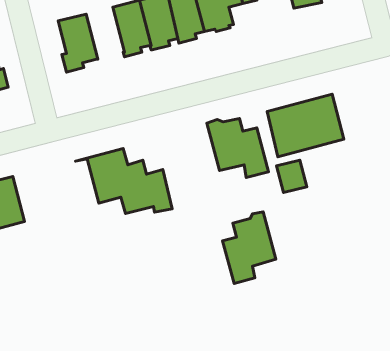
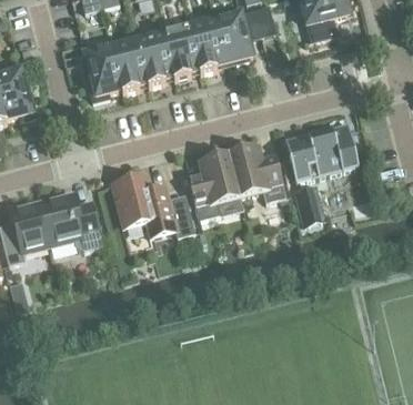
building: none -> [112,39,149,93]
building: none -> [42,193,103,250]
building: [222,212,276,284] -> [189,150,240,219]

